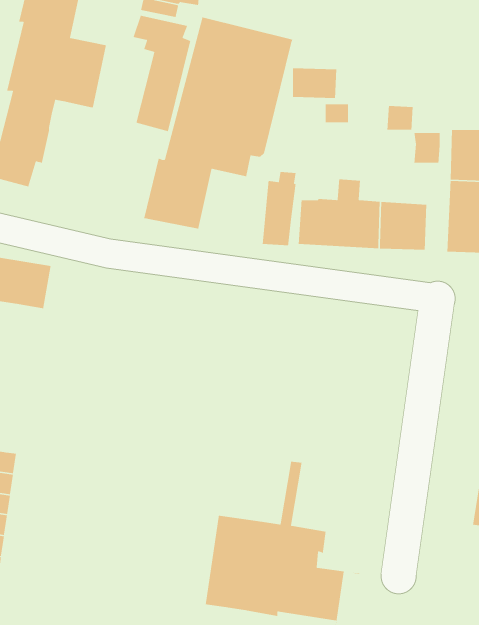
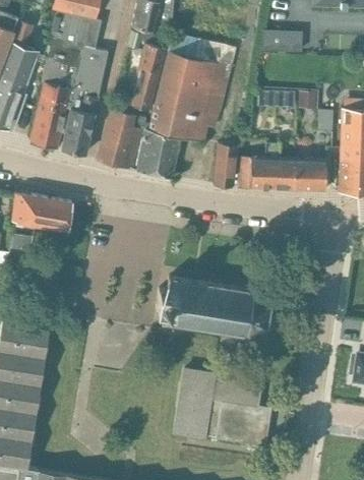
building: [292,67,337,99] -> [262,31,293,52]
building: none -> [62,91,100,156]
building: none -> [98,108,146,170]
building: none -> [156,278,269,336]

